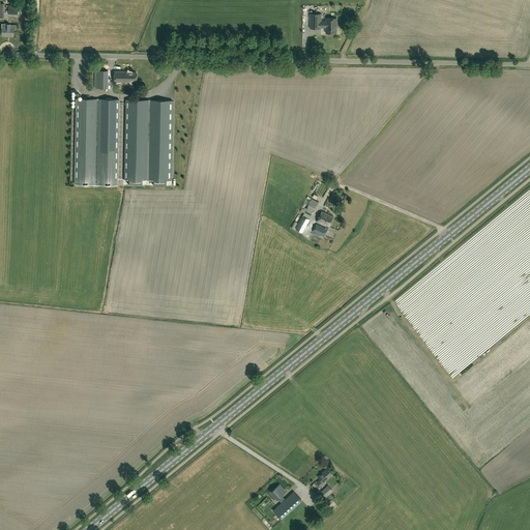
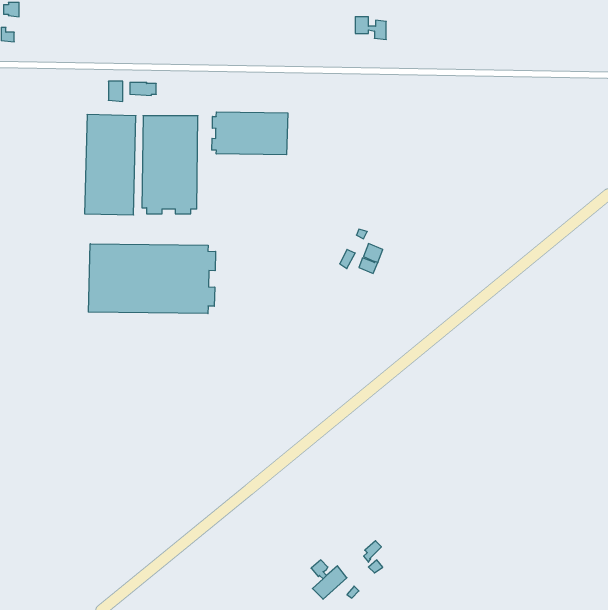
building: none -> [212,112,288,155]
building: none -> [88,244,216,314]

